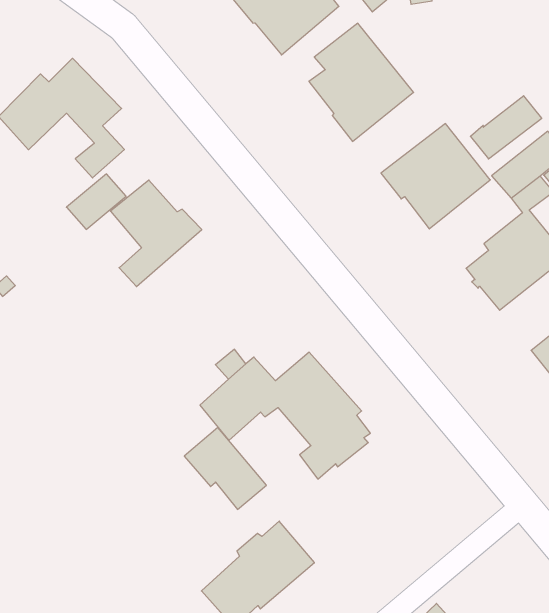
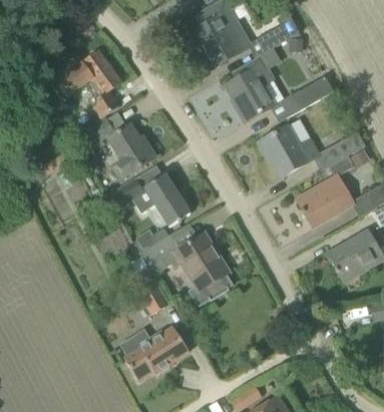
building: [470,96,542,159] -> [292,77,333,109]
building: none -> [108,173,193,228]

